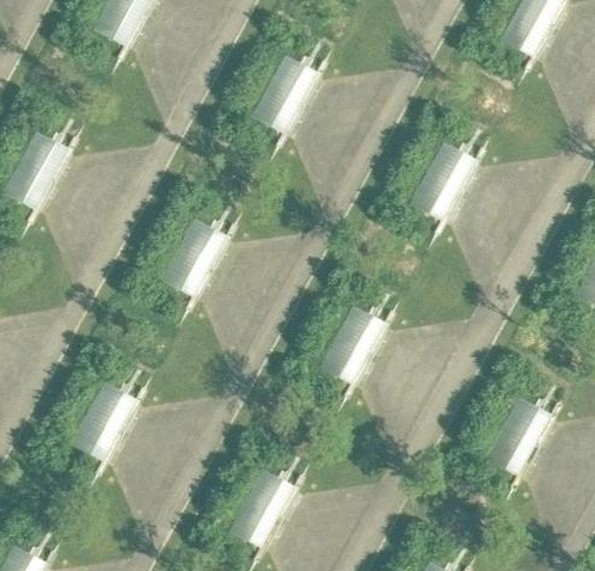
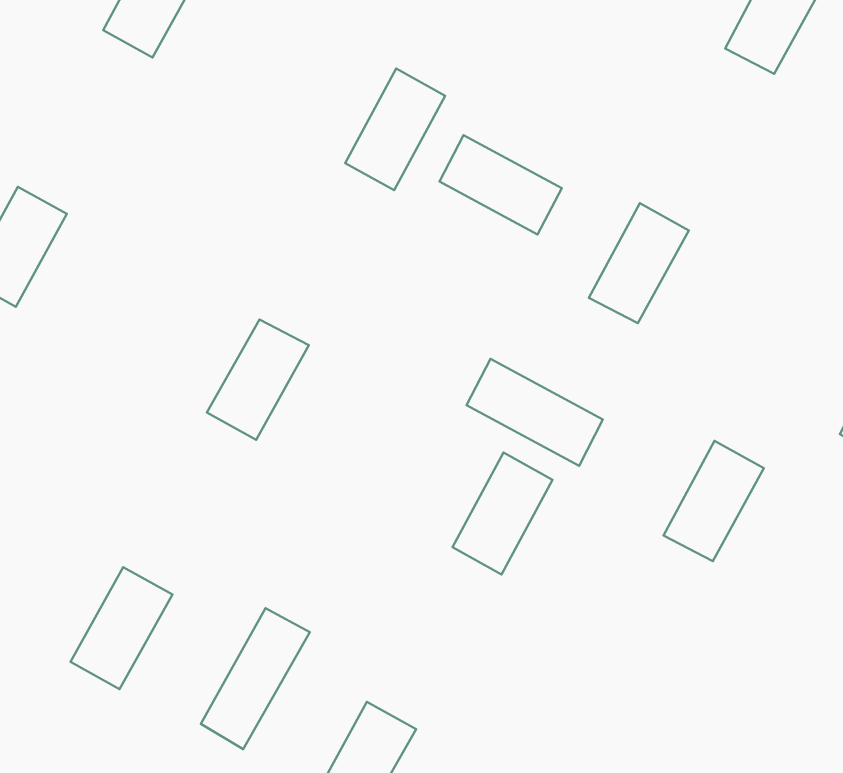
building: none -> [439,135,562,235]
building: none -> [467,359,603,466]
building: [484,395,550,474] -> [664,441,764,561]
building: none -> [201,608,310,749]

